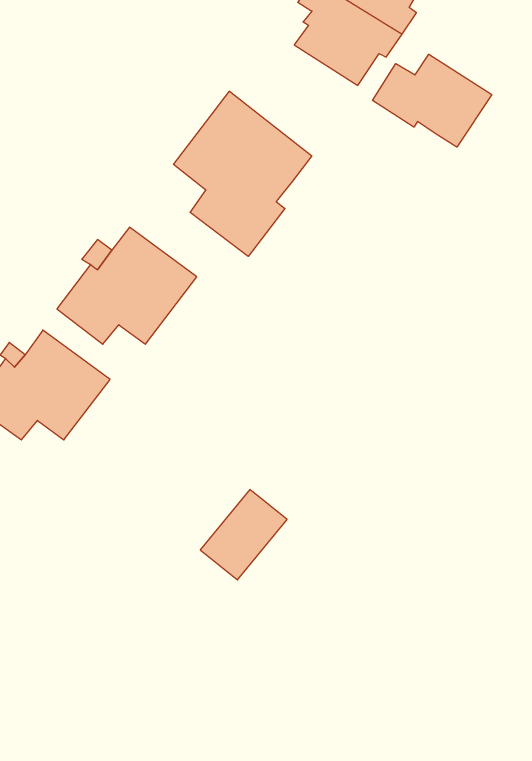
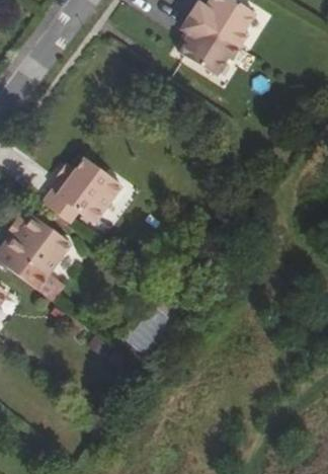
building: [373,54,492,147] -> none
building: [174,91,312,256] -> none

